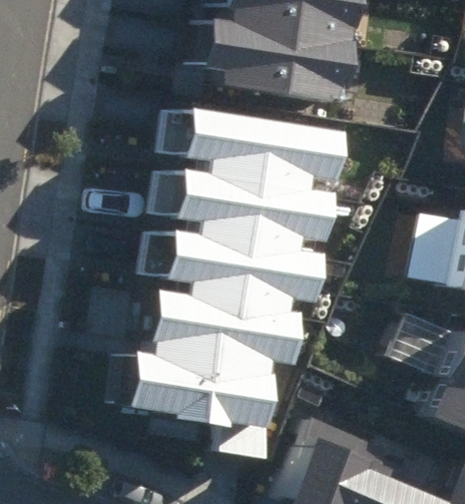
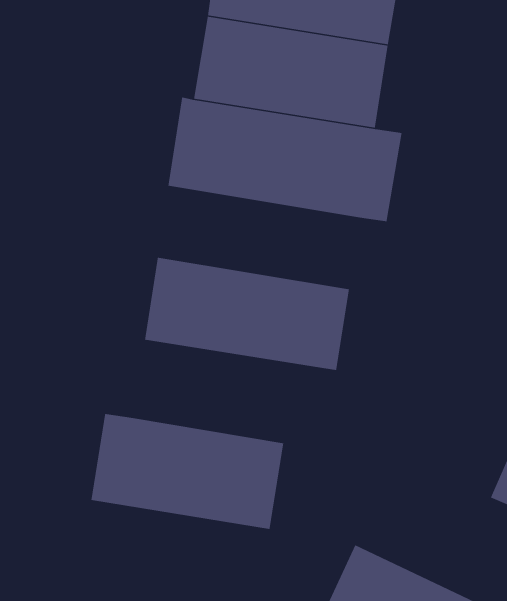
building: [160,162,321,242] -> none
building: [141,283,295,367] -> none

